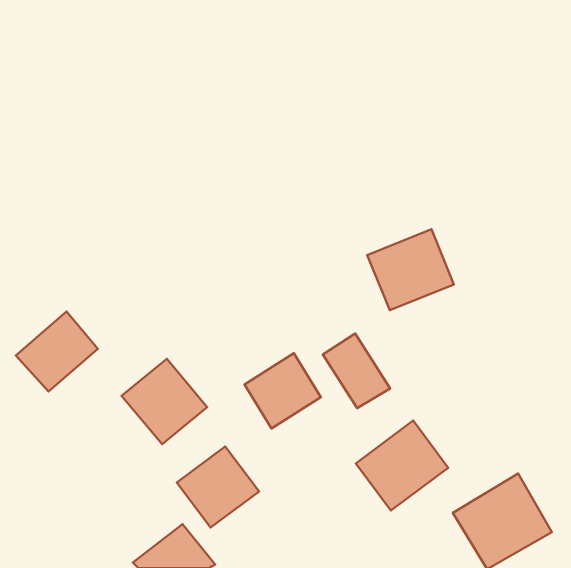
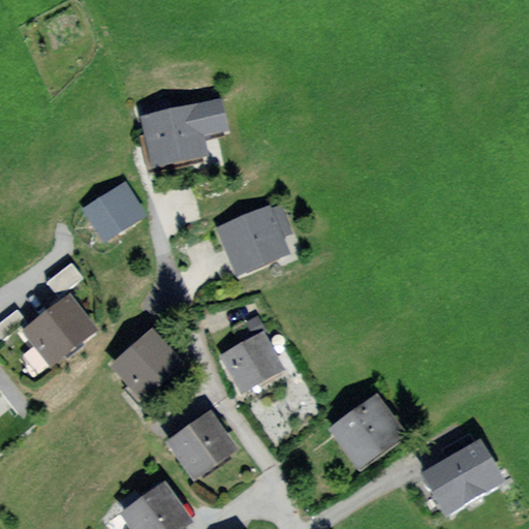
building: none -> [142,100,219,161]
building: none -> [84,185,144,242]
building: [367,229,454,310] -> [215,201,294,276]
building: [323,334,390,408] -> none

